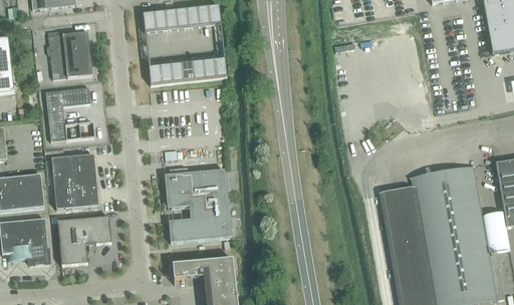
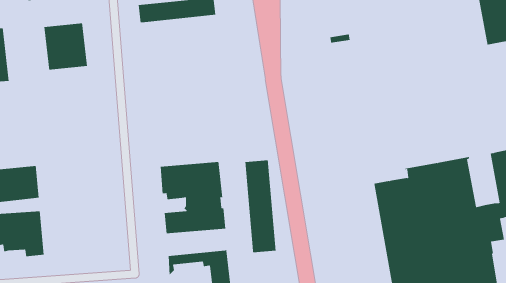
building: [149,57,227,83] -> none
building: [45,86,94,140] -> none
building: [51,154,98,208] -> none
building: none -> [245,159,276,253]
building: [57,215,111,264] -> none

